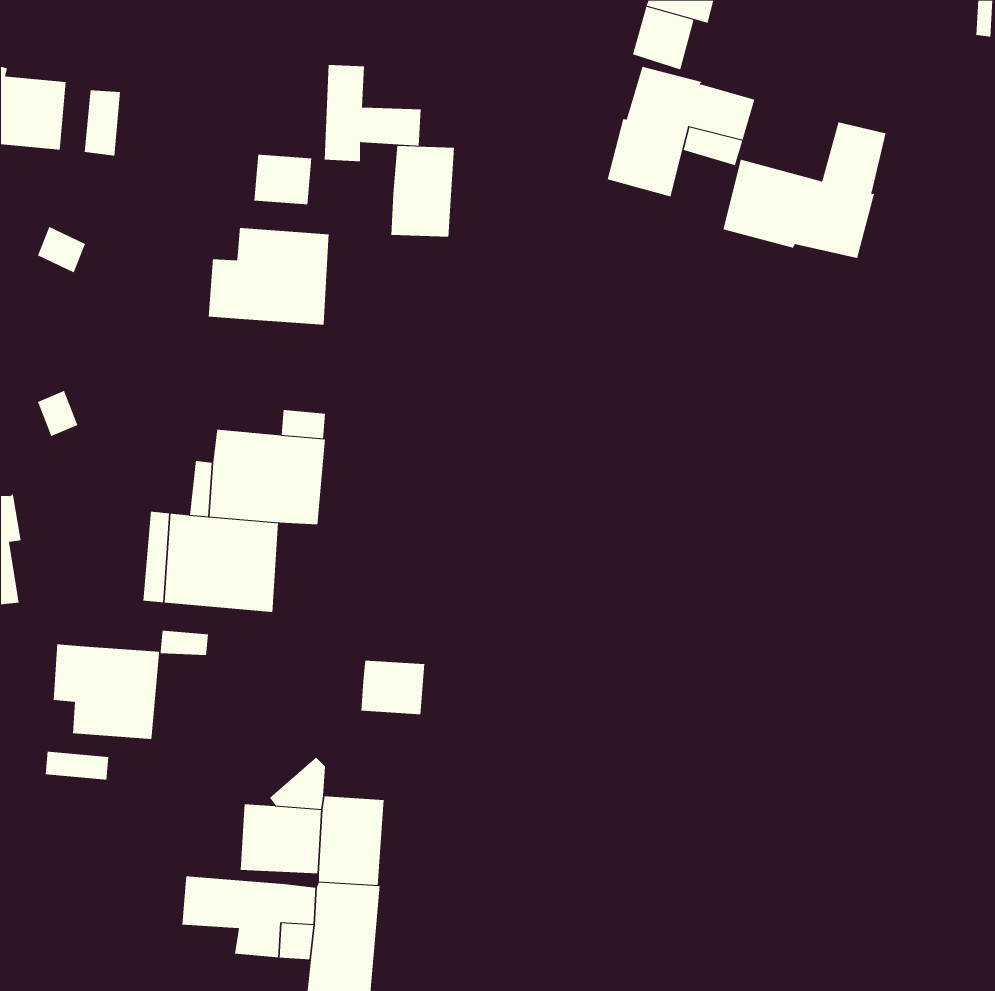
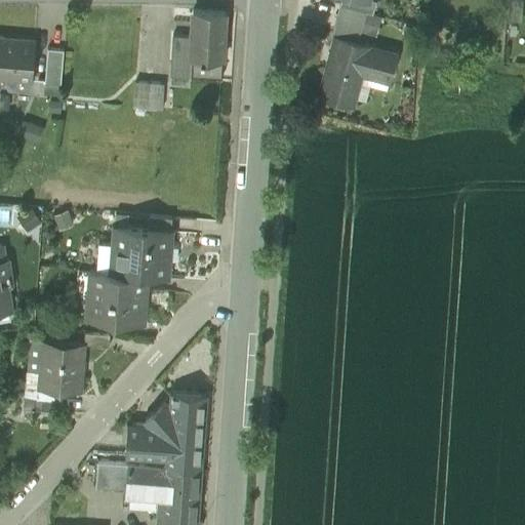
building: [723,121,886,259] -> none
building: [391,146,455,237] -> [192,12,226,60]
building: [208,227,329,326] -> none
building: [361,660,425,715] -> [171,395,205,423]

